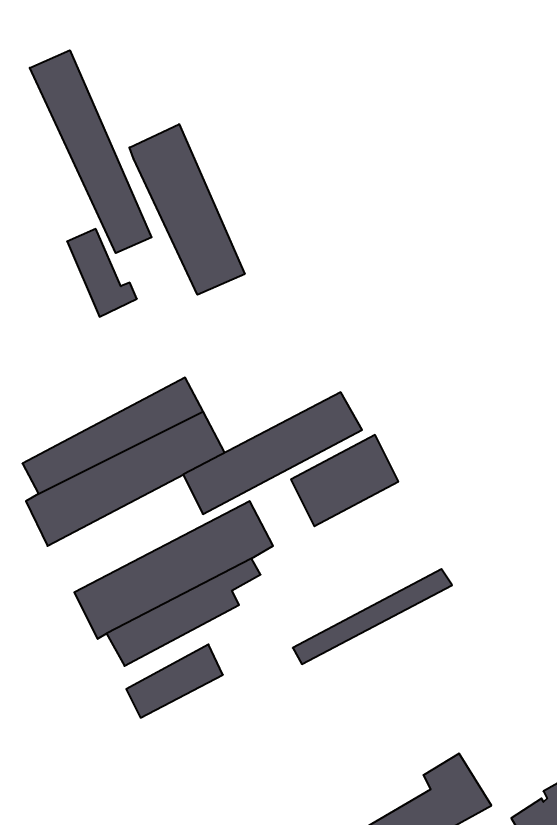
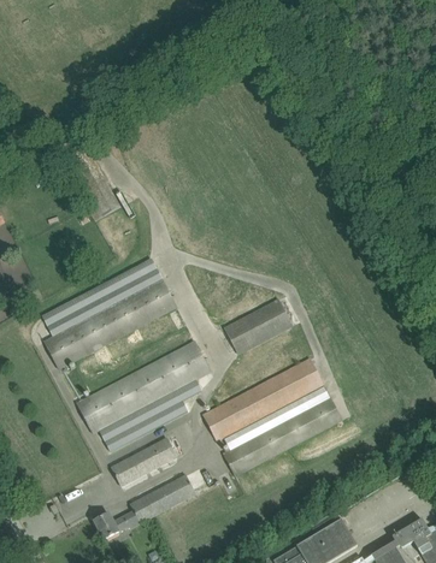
building: [30,50,152,253] -> none
building: [129,124,245,295] -> none
building: [183,392,362,514] -> [202,358,323,440]
building: none -> [223,397,341,475]
building: none -> [93,474,195,539]

